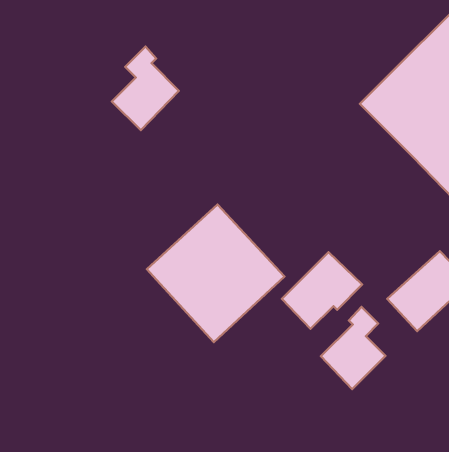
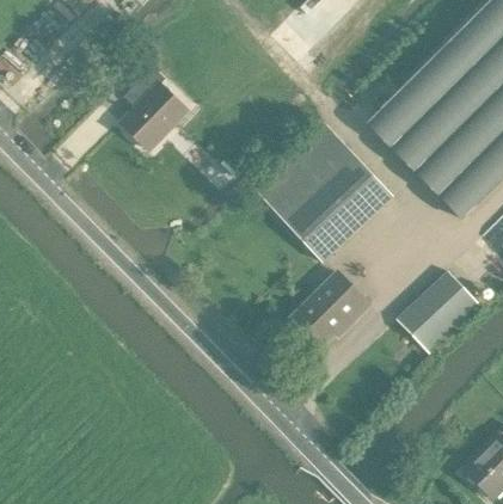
building: [147,205,285,342] -> [256,124,393,262]
building: [321,307,385,389] -> none

